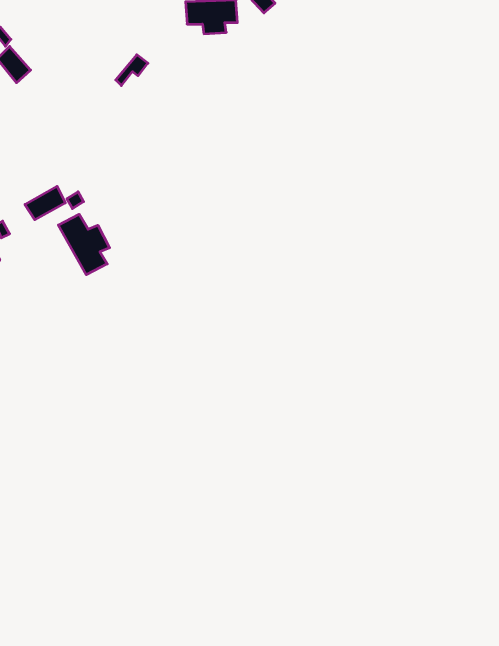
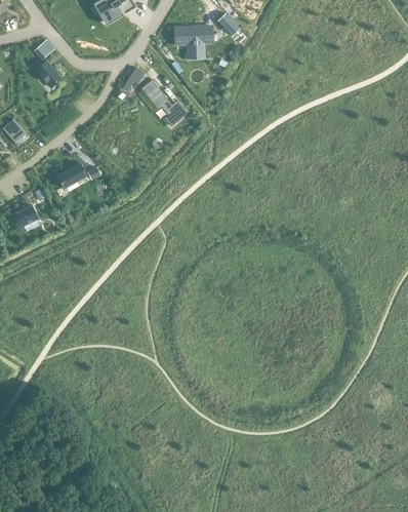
building: none -> [140,79,188,126]
building: [58,214,110,275] -> none

